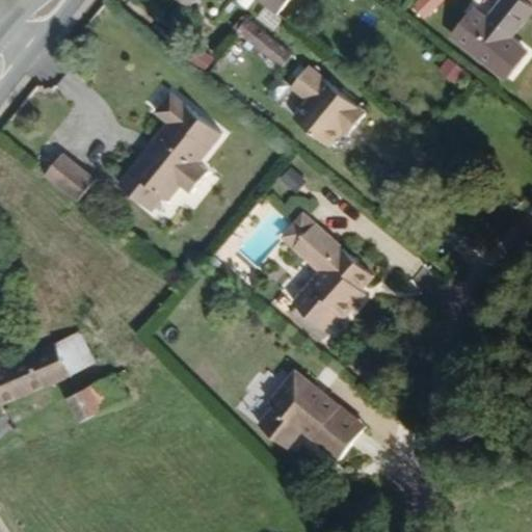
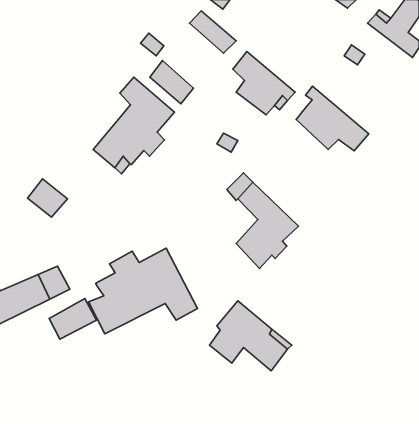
building: none -> [150,61,194,104]
building: none -> [296,86,369,151]
building: [44,153,94,201] -> [27,179,67,217]
building: none -> [88,248,198,334]

